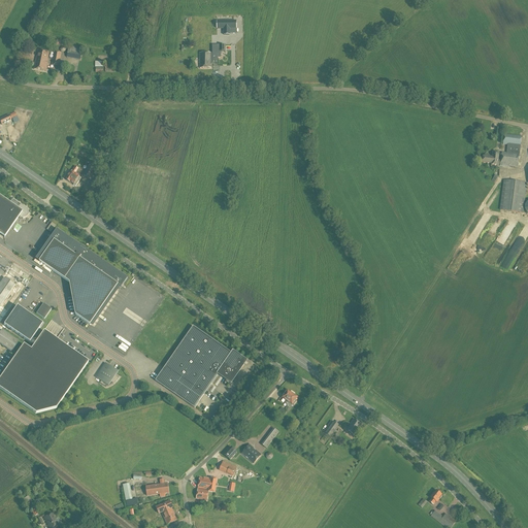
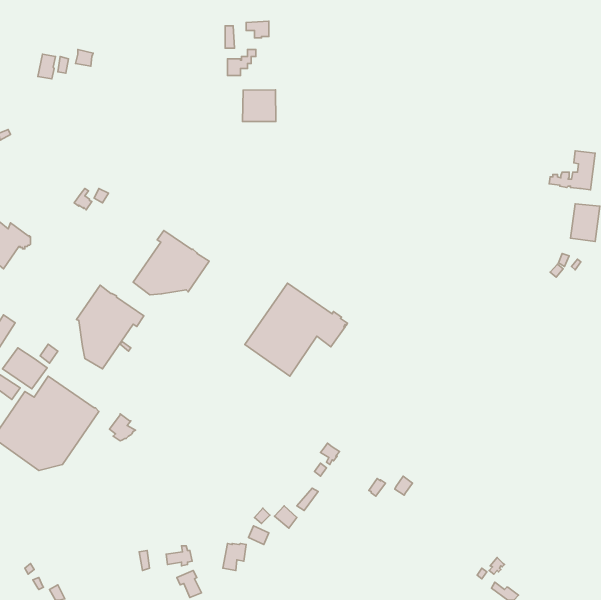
building: none -> [242,90,276,121]
building: none -> [133,230,209,295]
building: [38,228,88,279] -> none
building: [155,325,244,406] -> [245,283,347,376]

